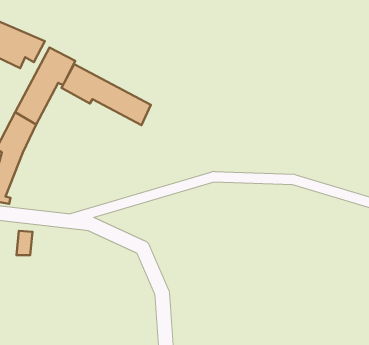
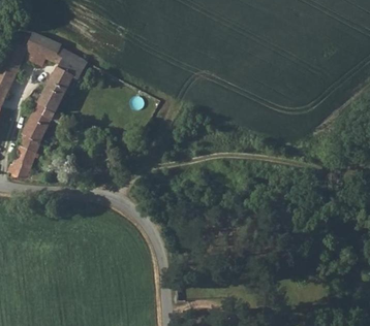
building: [62,64,151,125] -> none

